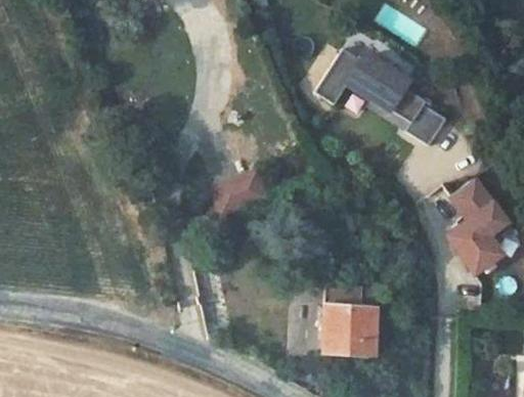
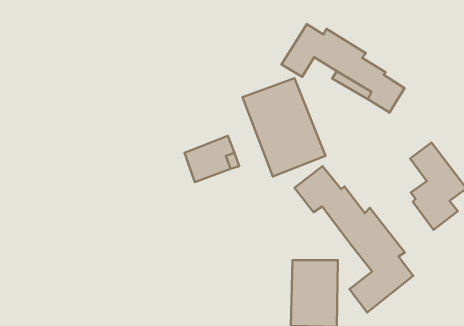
building: none -> [243,78,326,176]
building: none -> [294,166,413,313]

